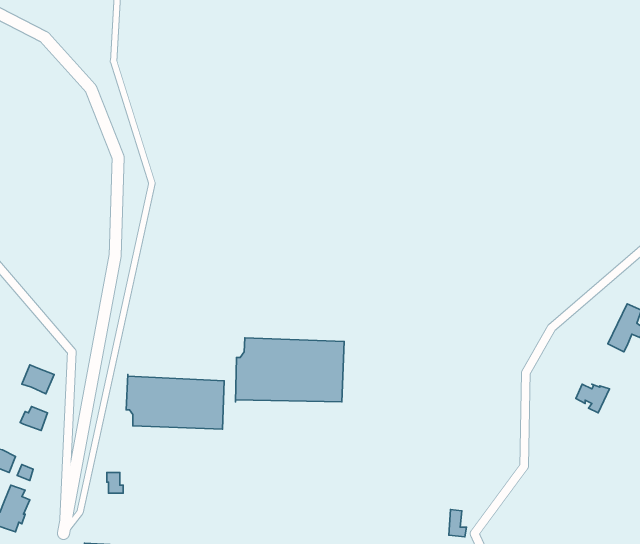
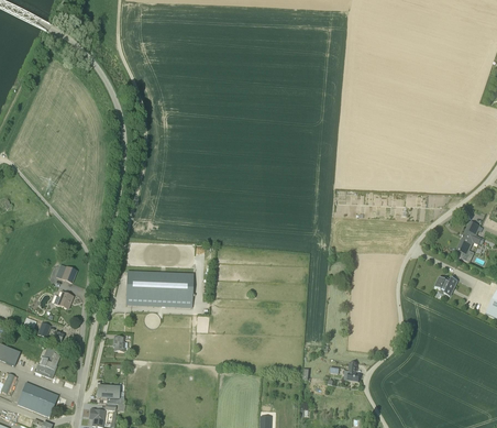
building: [235,338,344,402] -> none

